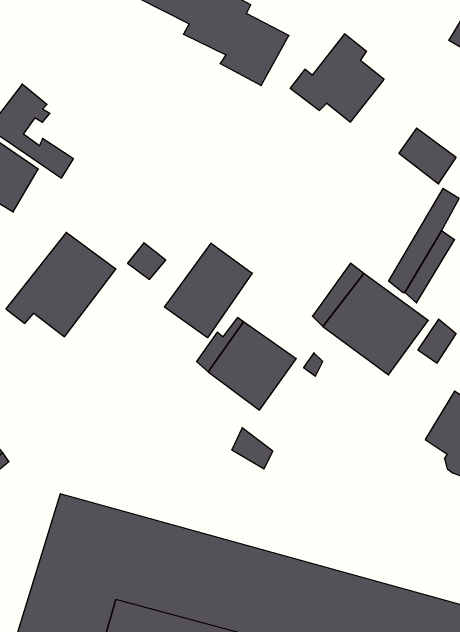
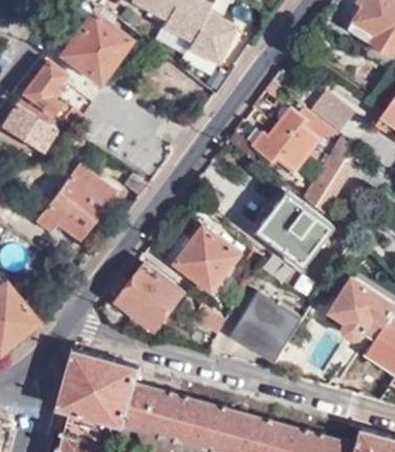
building: none -> [58,16,124,83]
building: [290,34,384,122] -> [253,110,320,172]
building: [164,243,252,338] -> none
building: none -> [120,268,184,332]
building: none -> [232,291,301,364]

